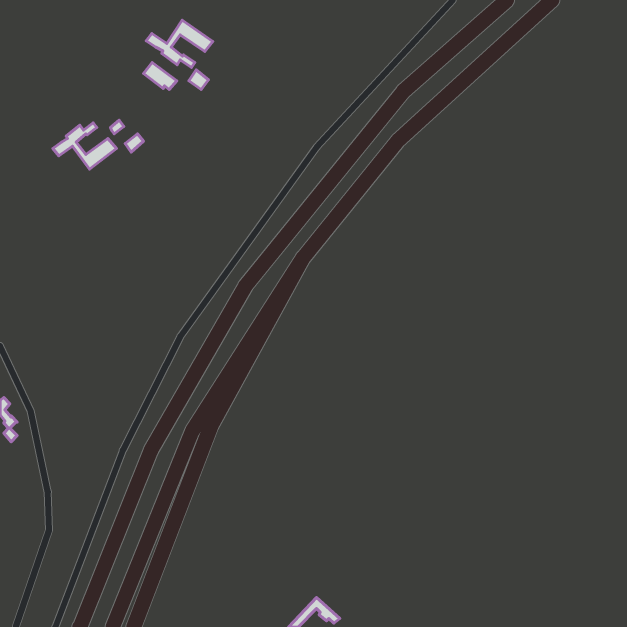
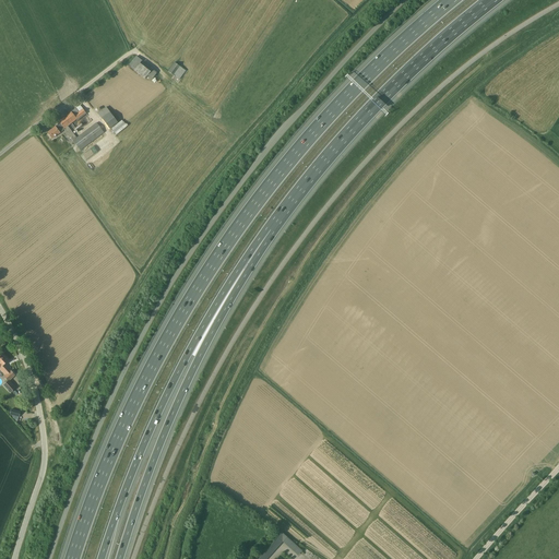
building: [146,20,213,67] -> none

